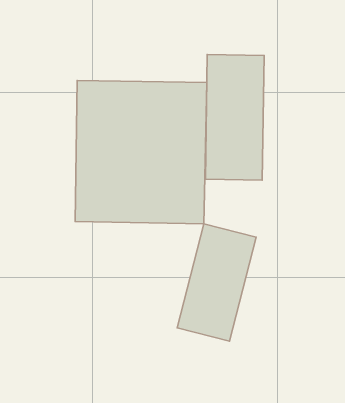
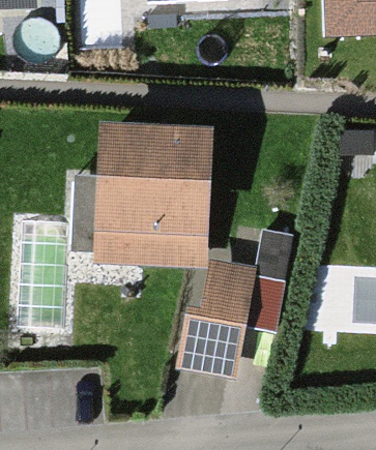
building: [205,54,264,180] -> none

